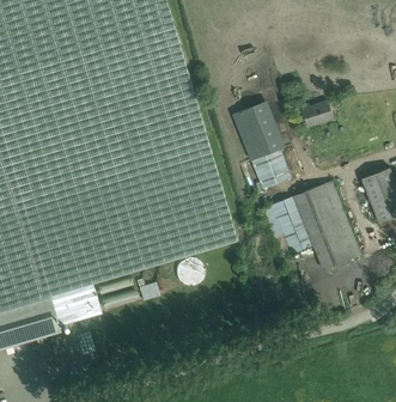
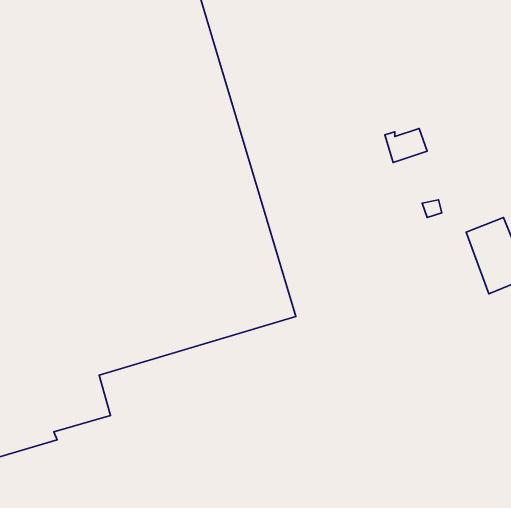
building: [234,103,292,188] -> none
building: [264,181,361,269] -> none

